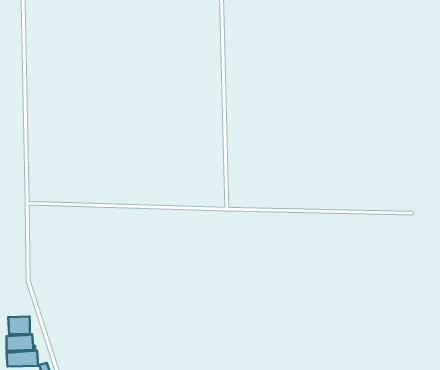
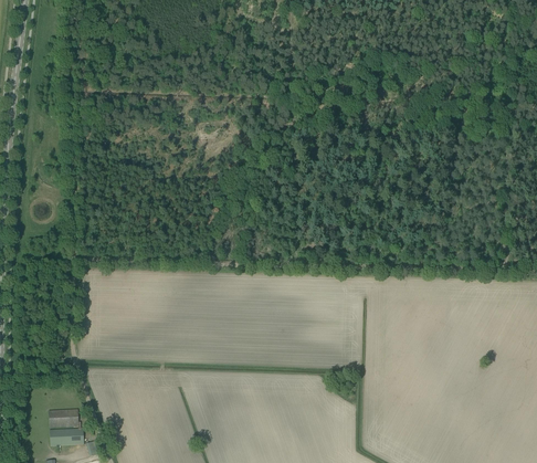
building: [8,317,30,335] -> none

